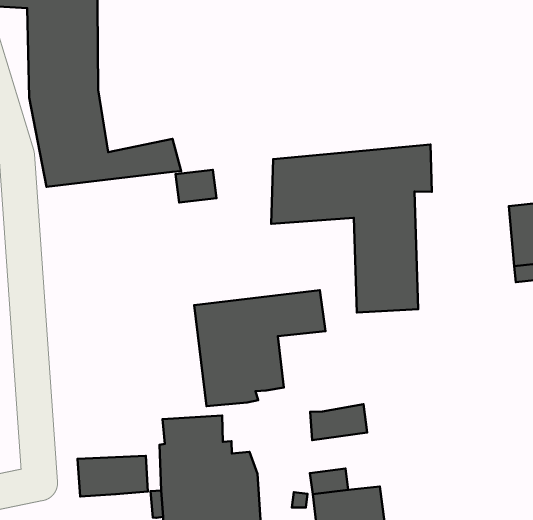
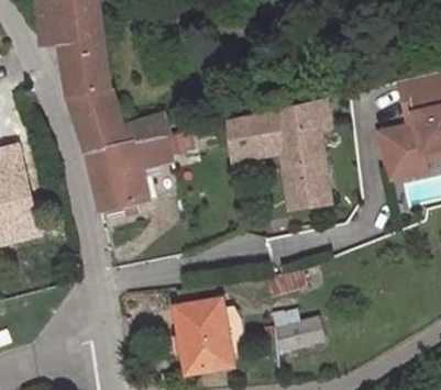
building: [194,290,325,406] -> [86,135,170,216]
building: [78,456,148,496] -> none

